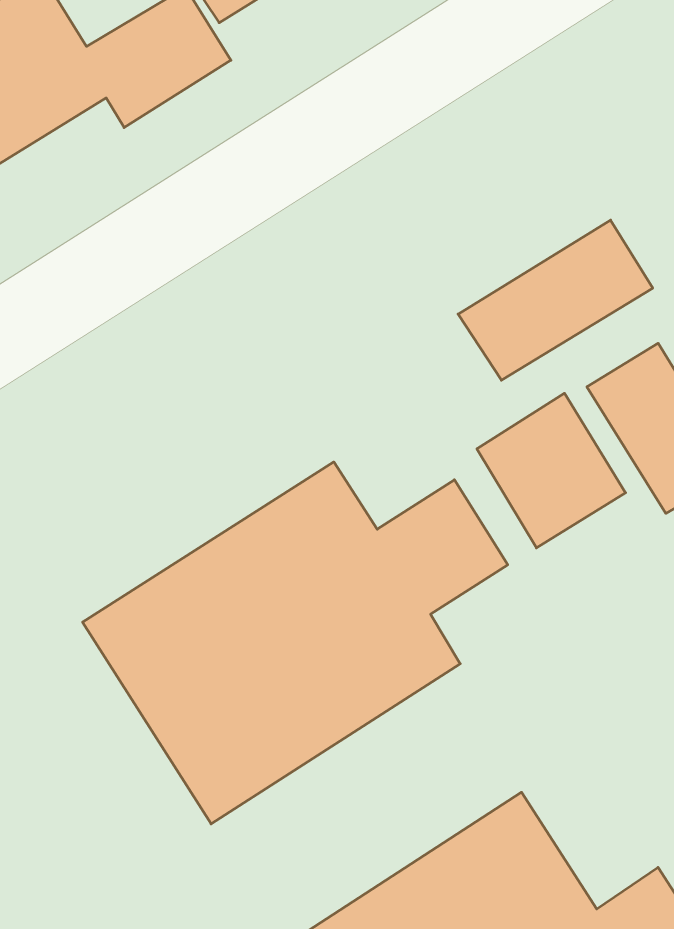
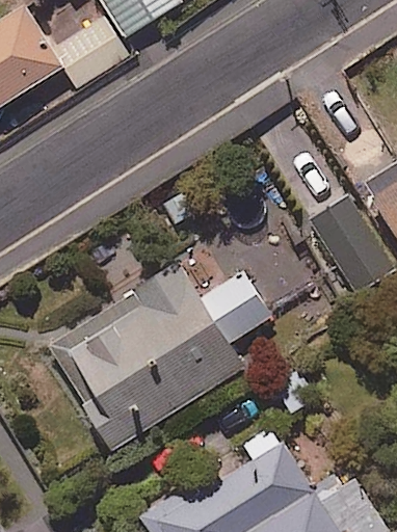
building: [458,220,653,380] -> none
building: [477,393,626,548] -> none

